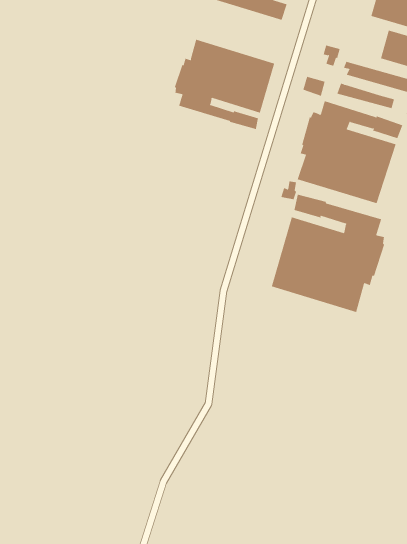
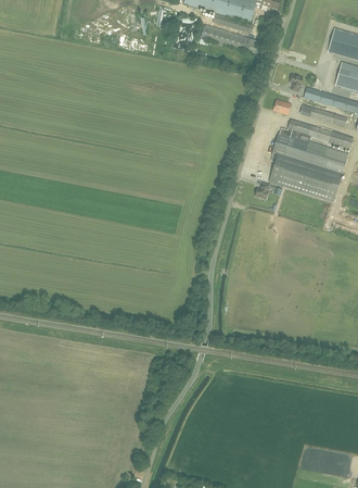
building: [174,39,275,130] -> none
building: [271,194,385,313] -> none

